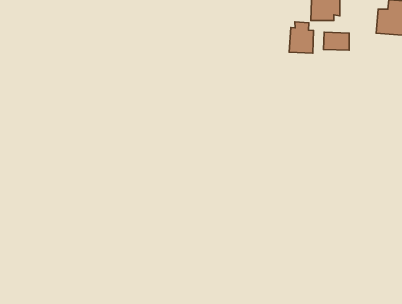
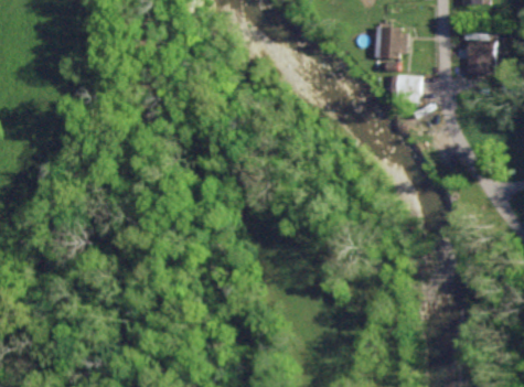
building: [289,22,314,53] -> none

